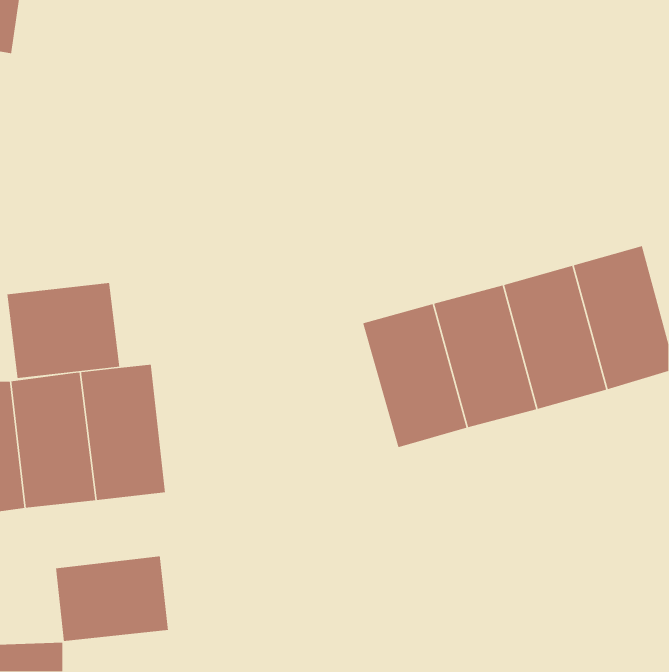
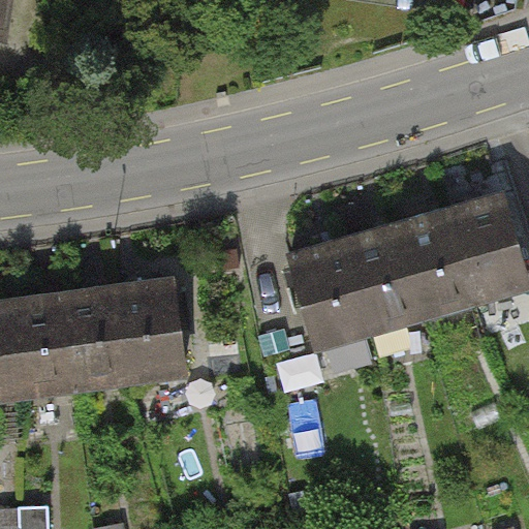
building: [7,282,120,379] -> none
building: none -> [119,279,185,386]
building: [55,556,169,642] -> none

